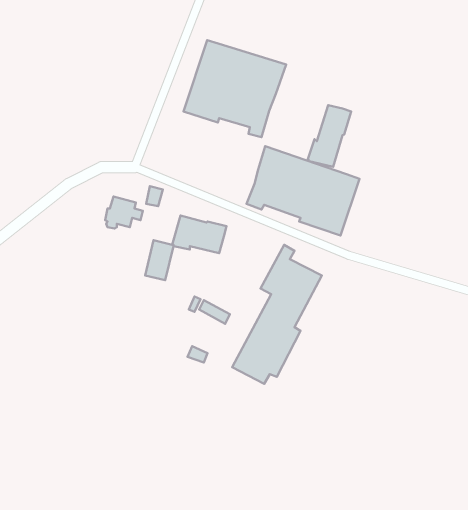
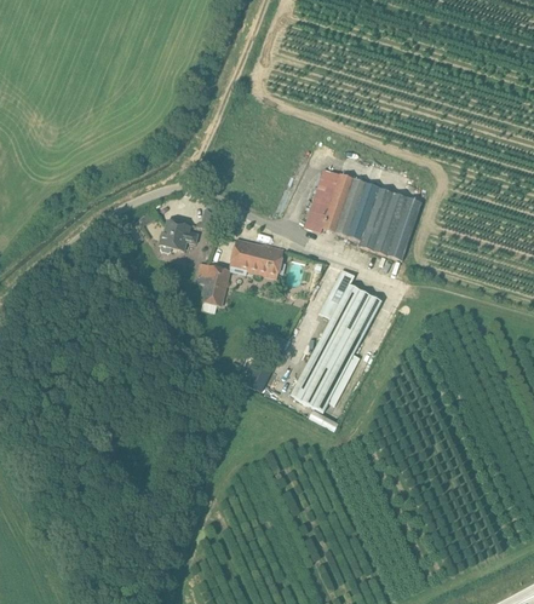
building: [183,40,286,137] -> none
building: [308,105,351,167] -> none

